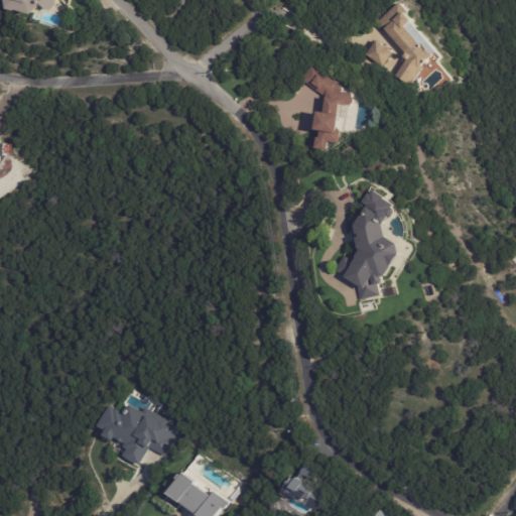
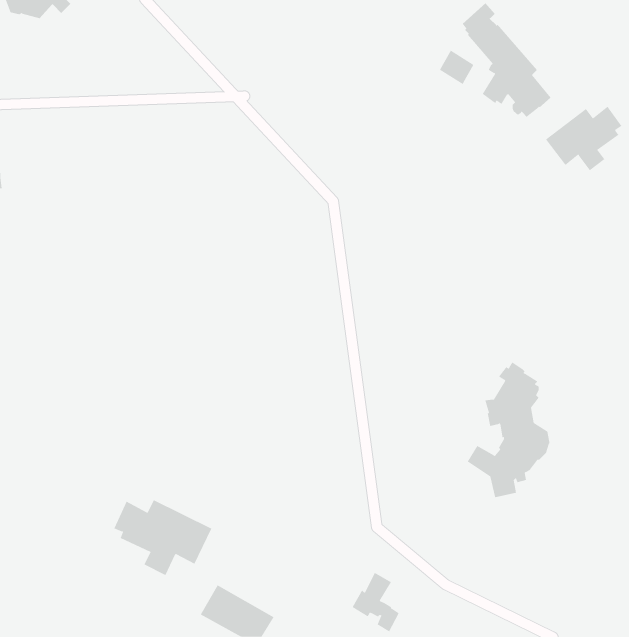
building: [296,61,350,149] -> none
building: none -> [545,106,622,171]
building: [340,191,407,301] -> [467,362,551,498]

